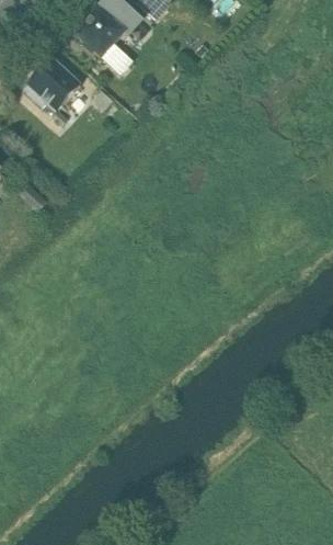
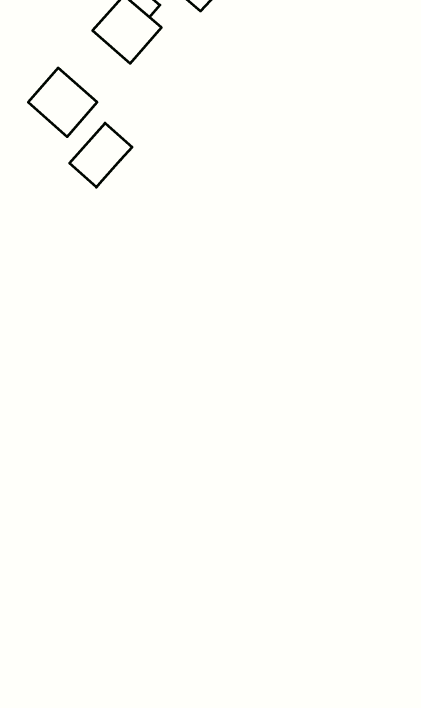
building: none -> [70,123,132,187]

